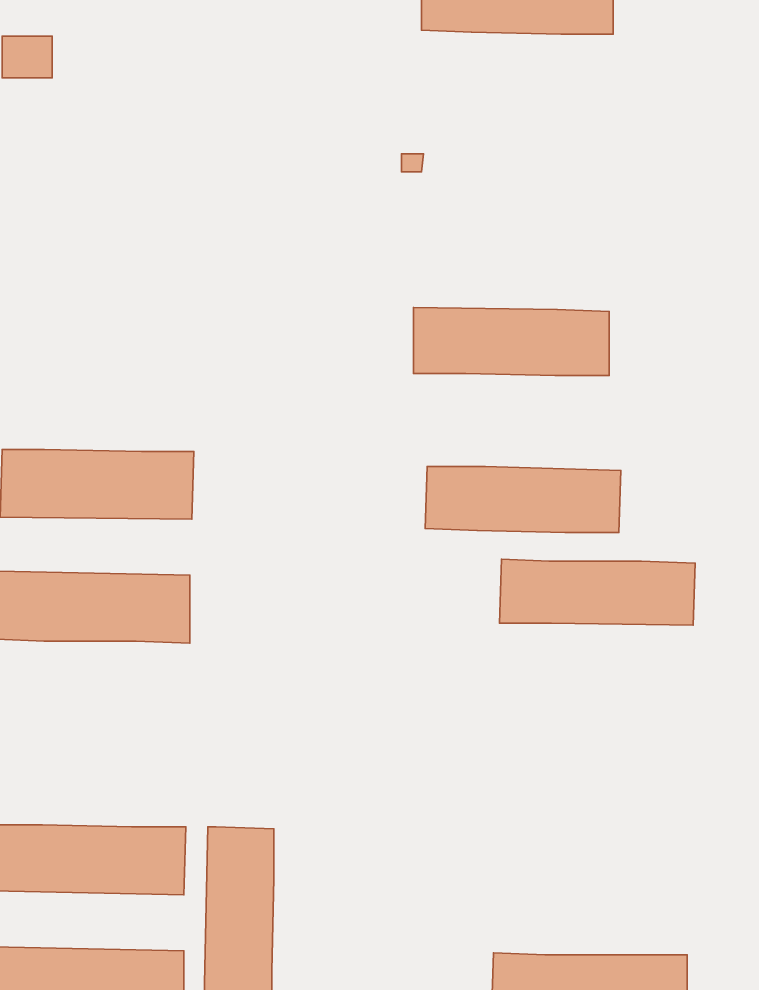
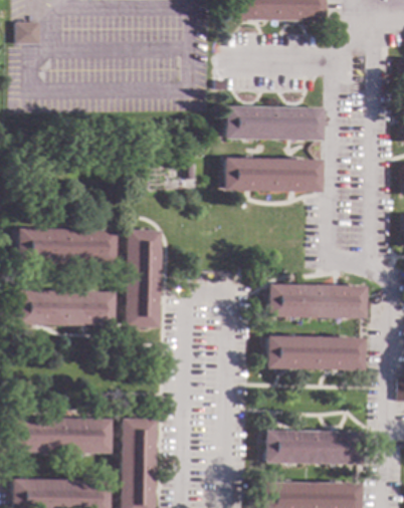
building: none -> [226,106,325,140]
building: none -> [124,230,159,327]
building: [425,466,621,532] -> [267,336,366,369]
building: none -> [265,430,364,464]

